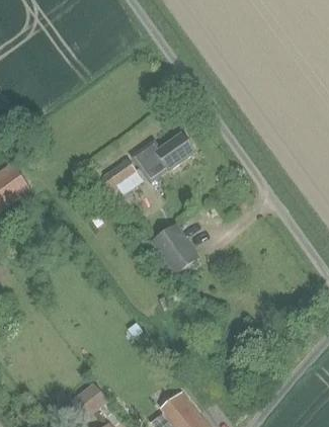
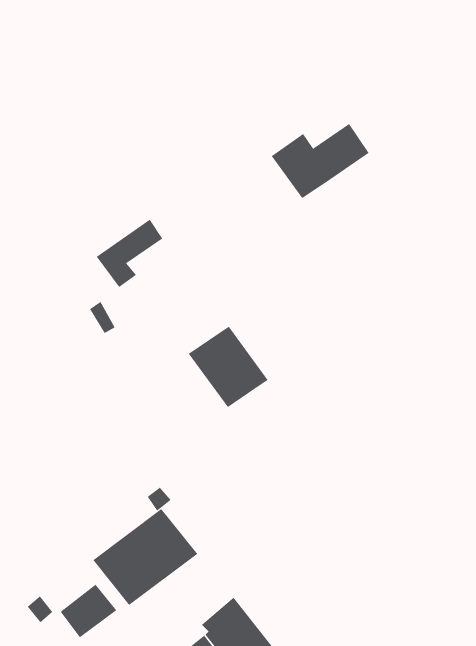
building: [133,136,193,182] -> [271,123,369,199]
building: none -> [92,508,198,606]

